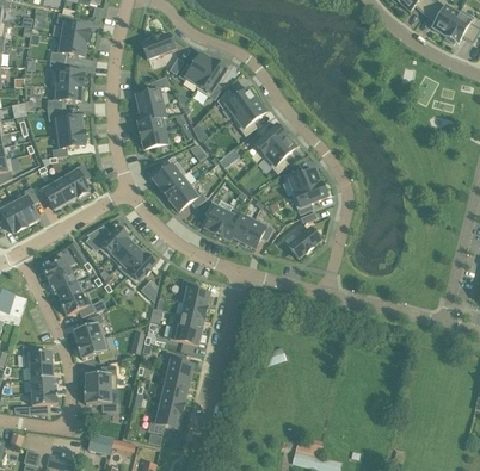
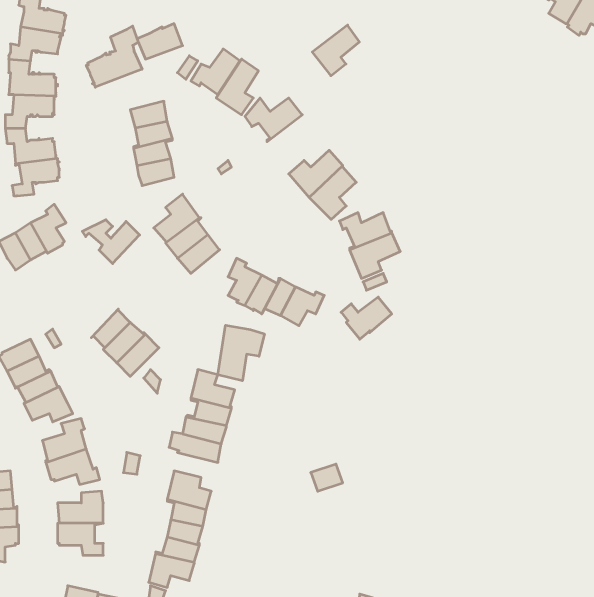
building: none -> [86,26,142,87]
building: [232,99,265,135] -> [312,25,359,76]
building: [86,225,127,256] -> [82,220,140,264]
building: none -> [218,325,264,381]

